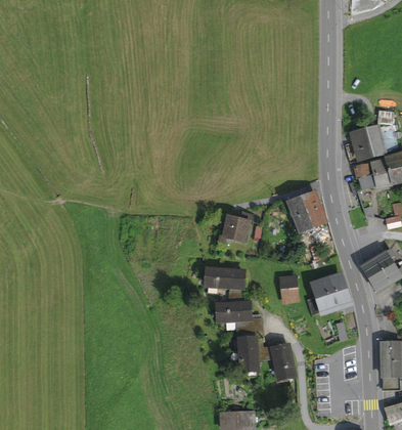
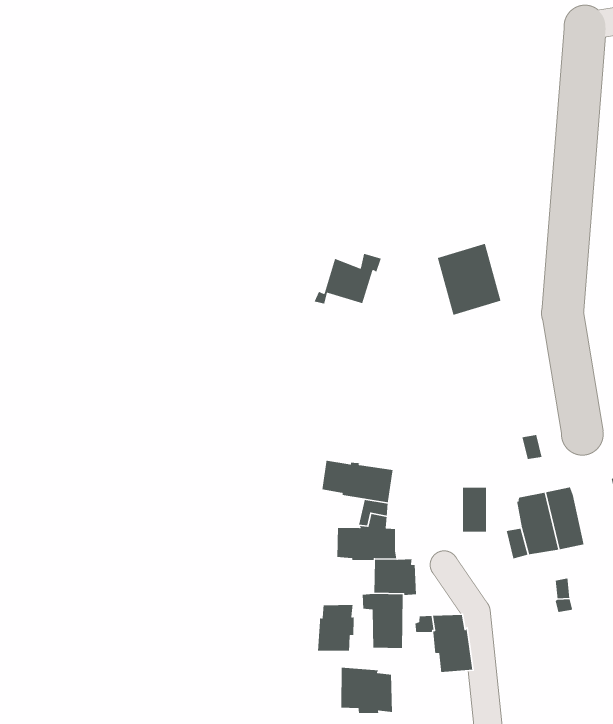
building: [288,190,325,231] -> [437,243,501,316]
building: [219,213,254,243] -> [314,253,382,305]
building: none -> [317,604,354,652]
building: none -> [340,667,393,714]

